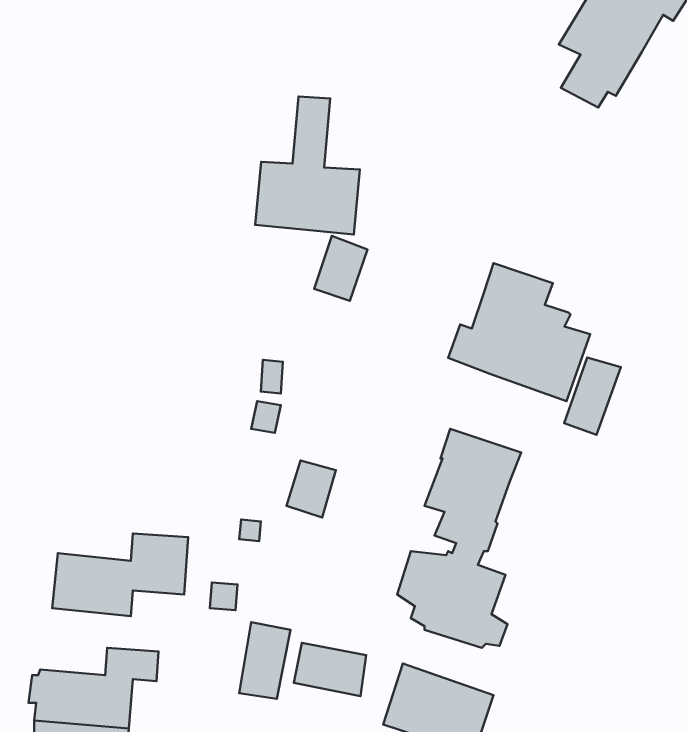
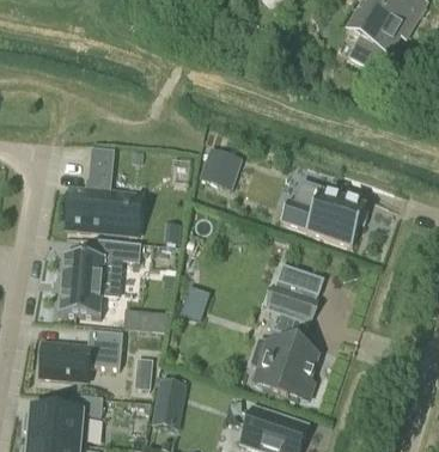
building: [255,97,360,235] -> [66,149,129,233]
building: [564,358,621,435] -> none
building: none -> [57,239,140,316]
building: [294,643,366,696] -> none

